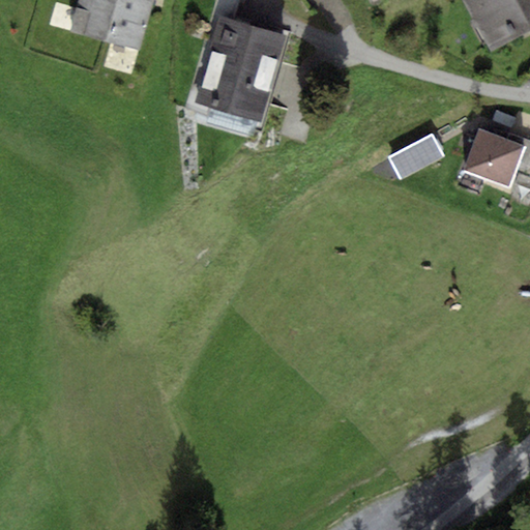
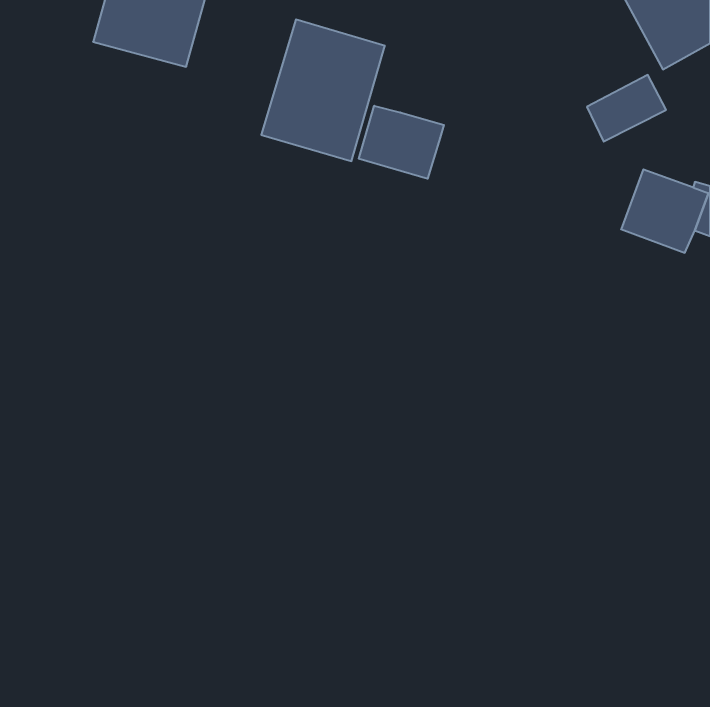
building: none -> [359,106,444,179]
building: [387,130,446,180] -> [587,75,666,142]

